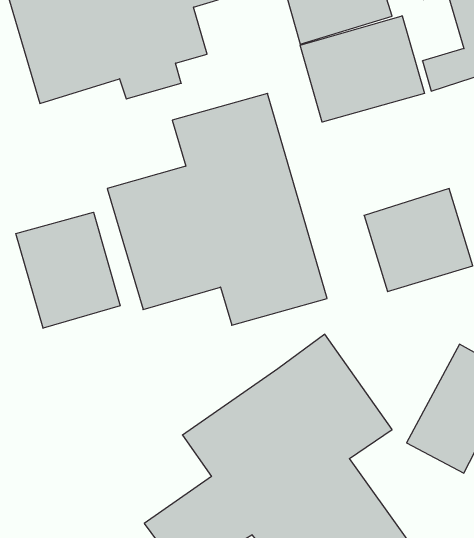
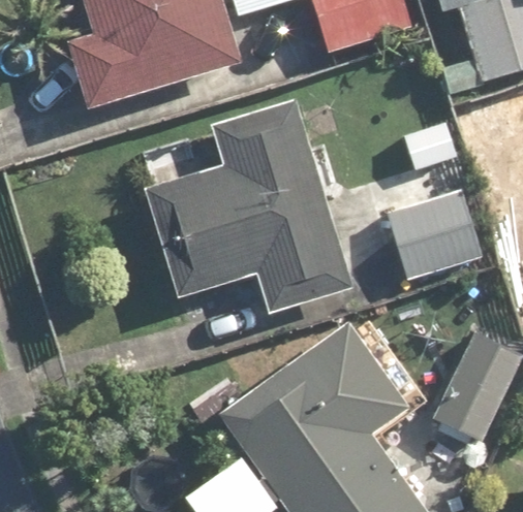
building: [300,16,425,122] -> none
building: [16,212,120,328] -> none

